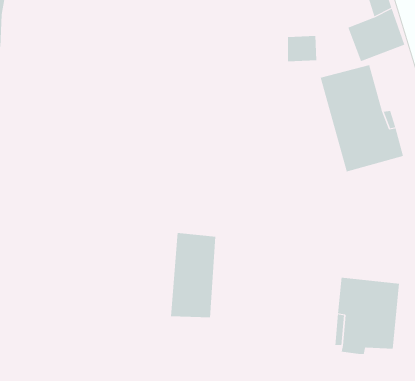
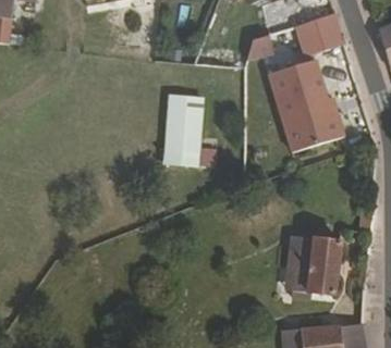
building: [170,233,216,318] -> [166,98,204,169]

